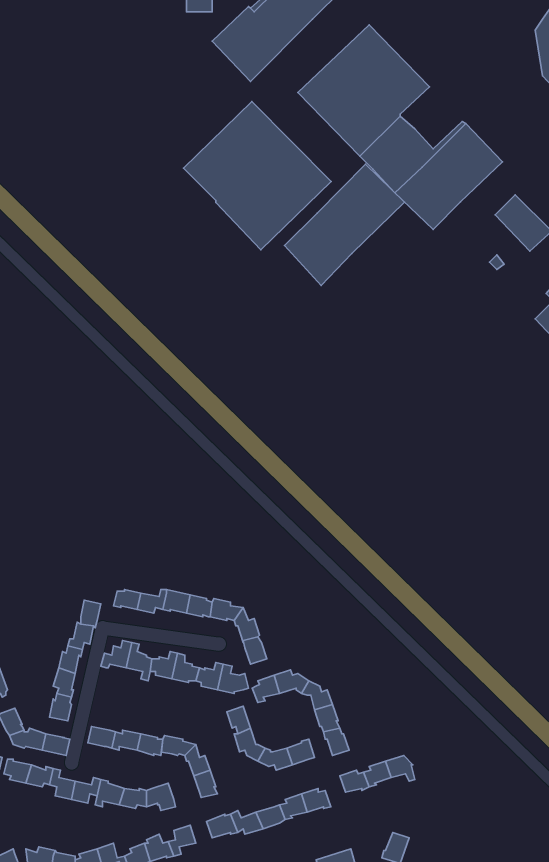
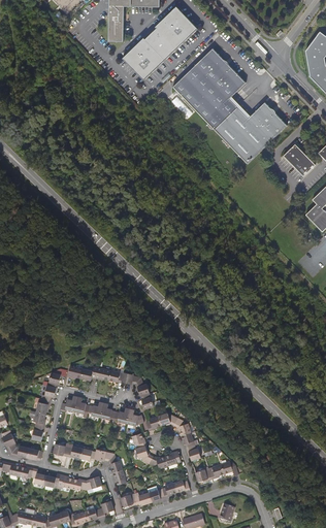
building: [183,102,331,250] -> none
building: [284,164,404,285] -> none

